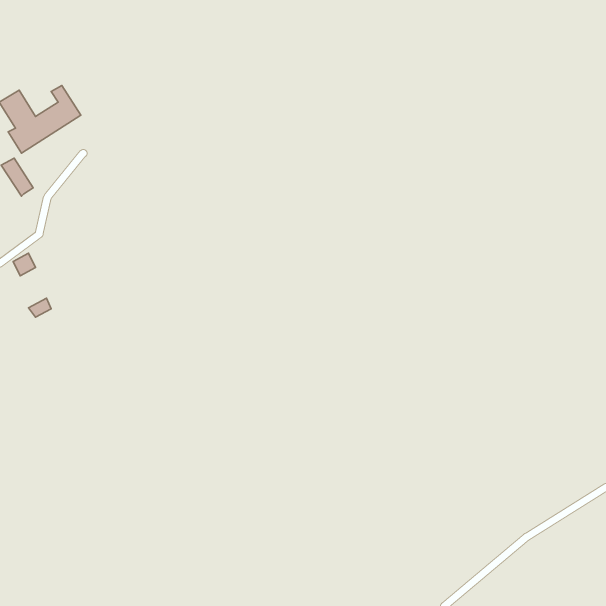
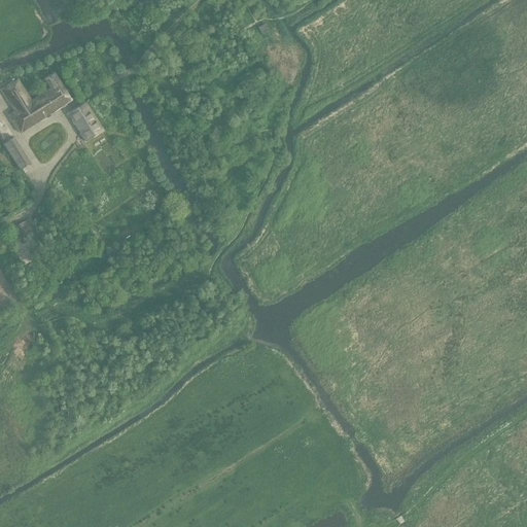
building: none -> [67,103,101,140]

